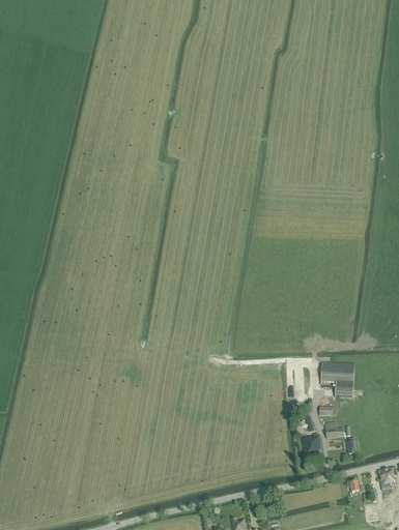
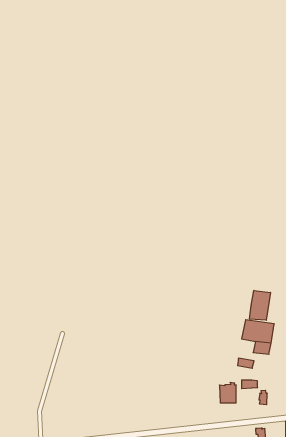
building: none -> [250,290,270,320]

